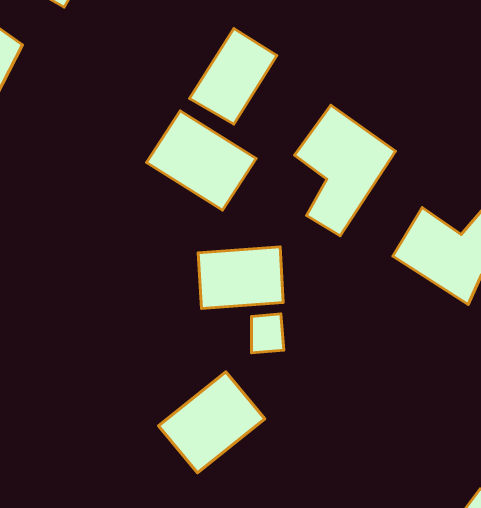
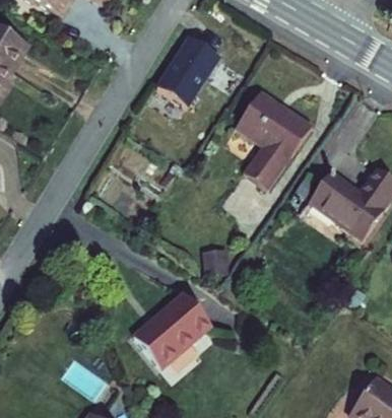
building: [147,111,256,210] -> none
building: [198,247,283,308] -> none

